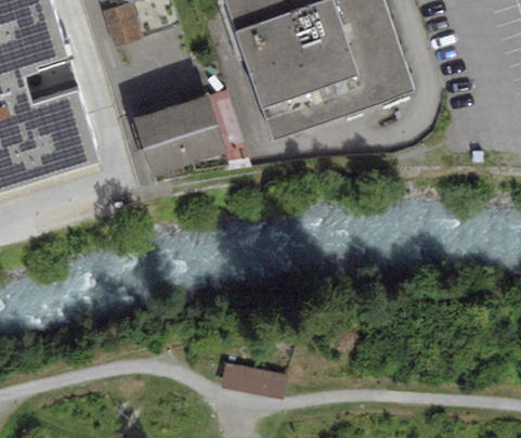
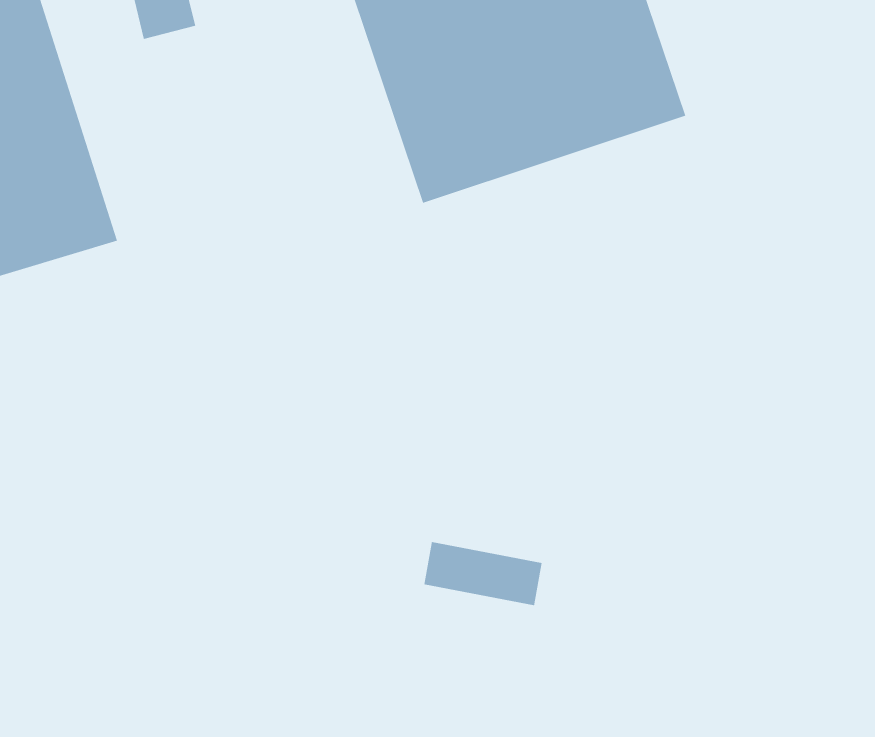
building: [122,94,221,186] -> none
building: [223,361,289,397] -> [423,541,543,606]

